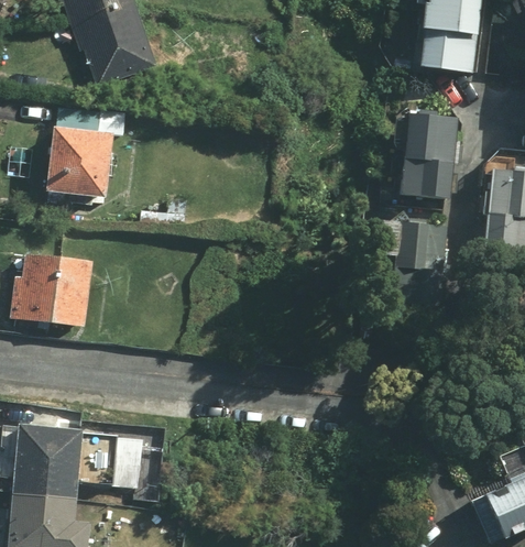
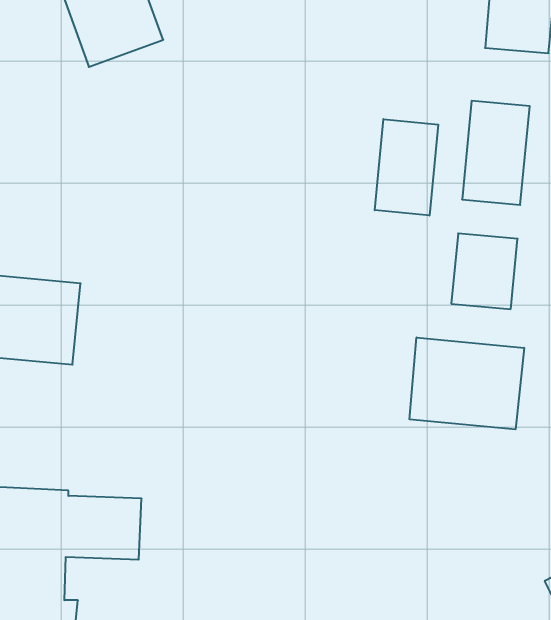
building: [44,127,112,198] -> none
building: none -> [375,119,438,216]
building: none -> [410,337,524,429]

